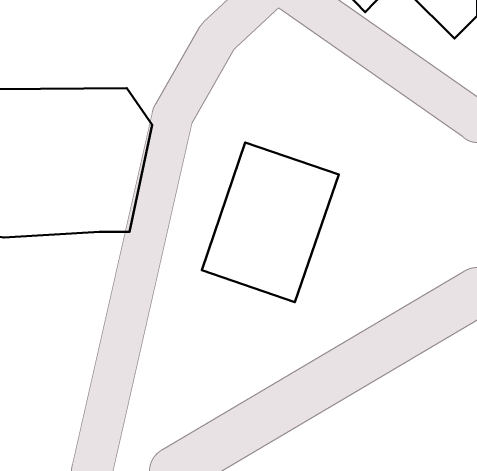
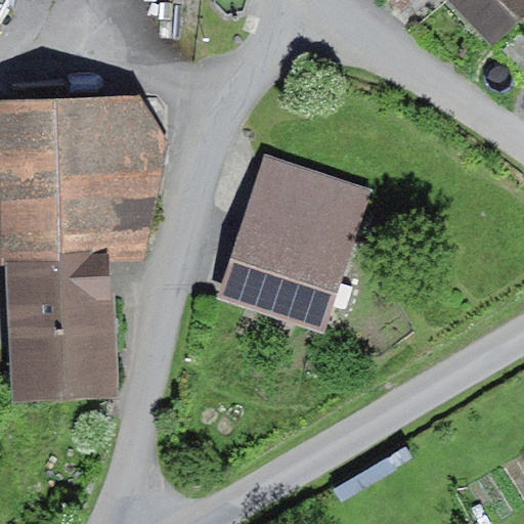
building: none -> [4,253,116,399]

